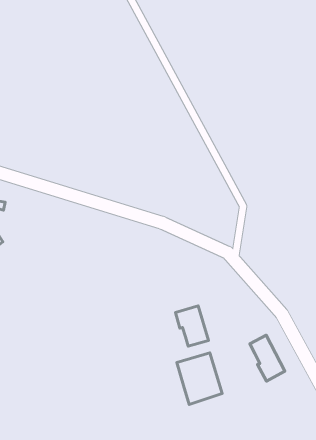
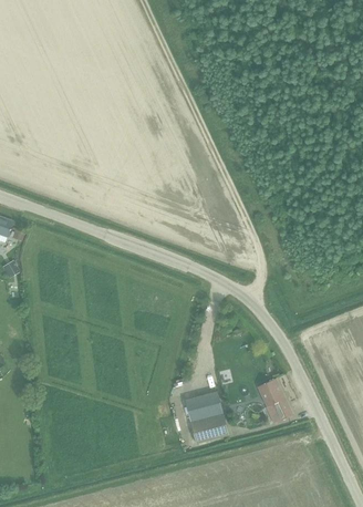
building: [175,306,208,346] -> none

